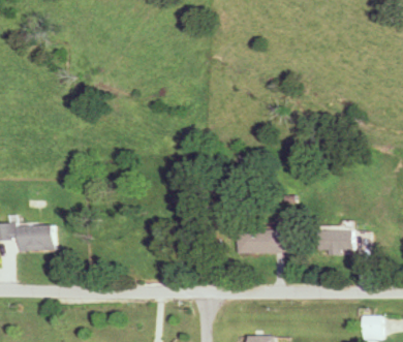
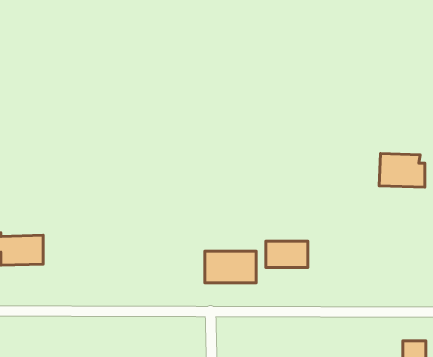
building: [316,224,355,253] -> [379,154,425,187]
building: none -> [205,251,256,283]

